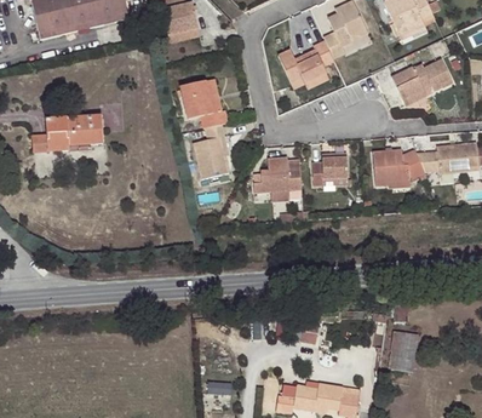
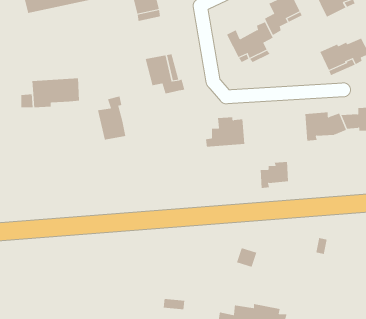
building: [194,125,229,178] -> [97,96,126,140]
building: [312,154,348,187] -> [260,161,289,189]
building: [380,328,411,371] -> none

